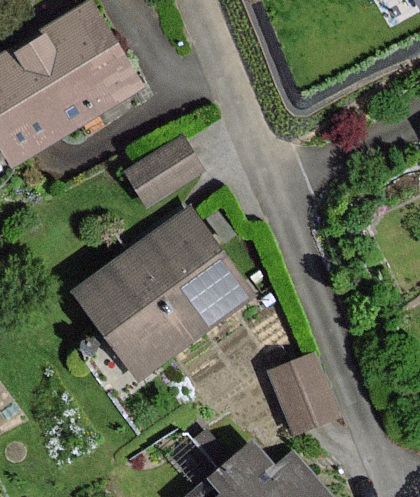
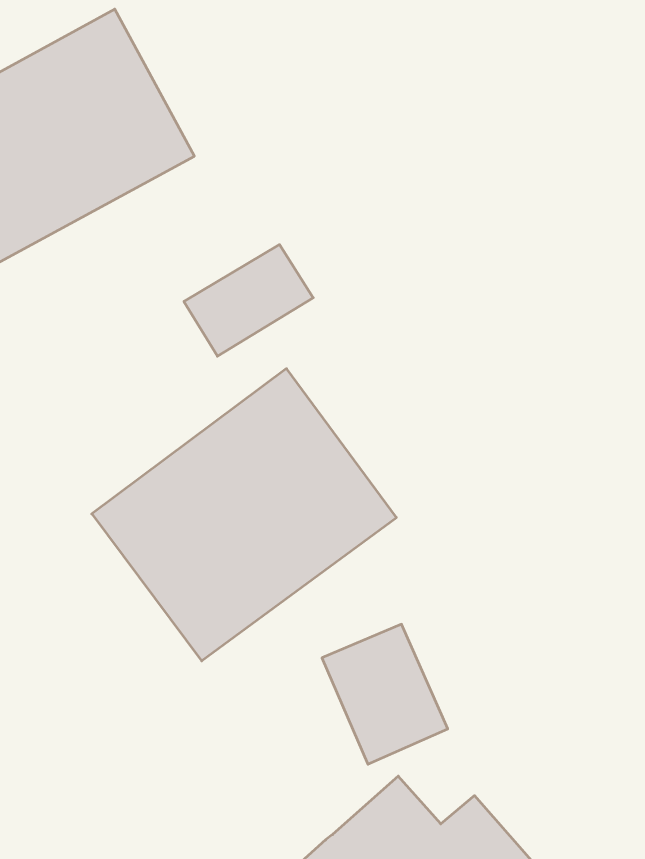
building: [268,356,339,435] -> [322,624,448,764]

